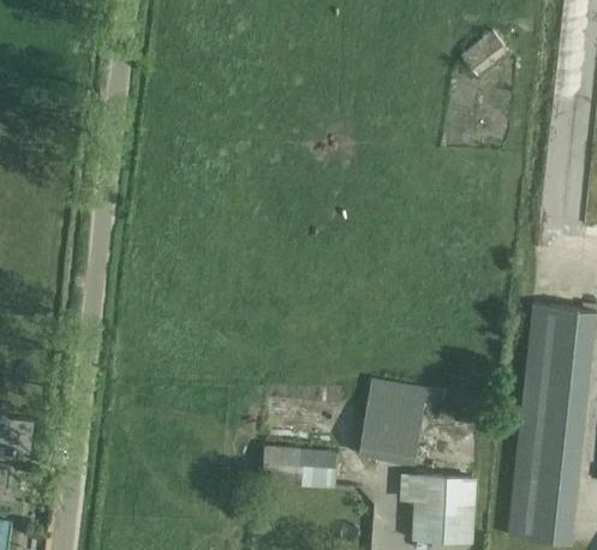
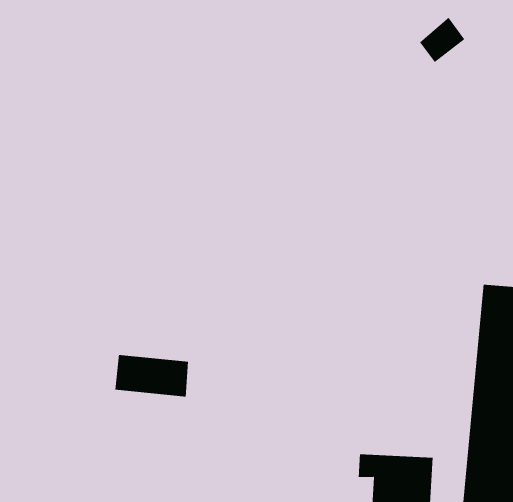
building: [362,378,448,466] -> none
building: [264,447,340,490] -> [115,355,189,397]

